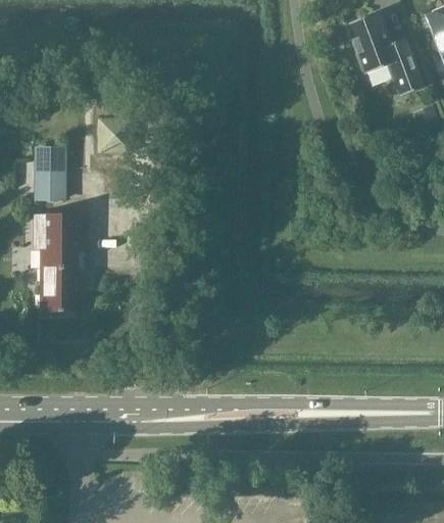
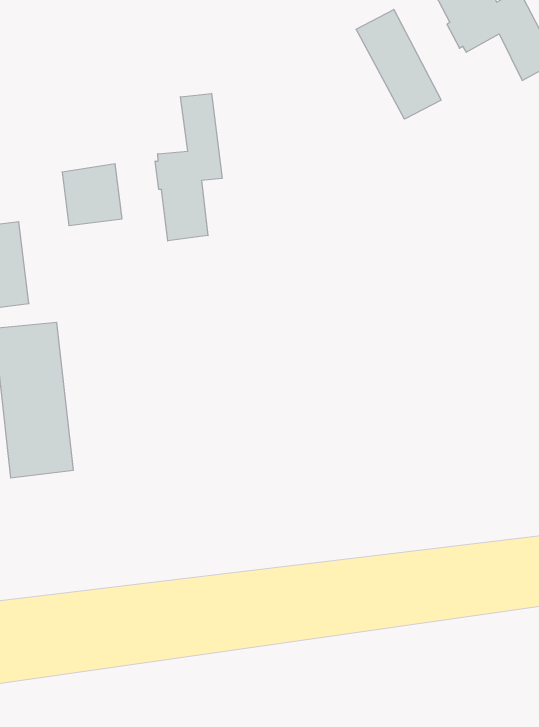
building: none -> [356,9,441,119]
building: none -> [155,93,222,241]

